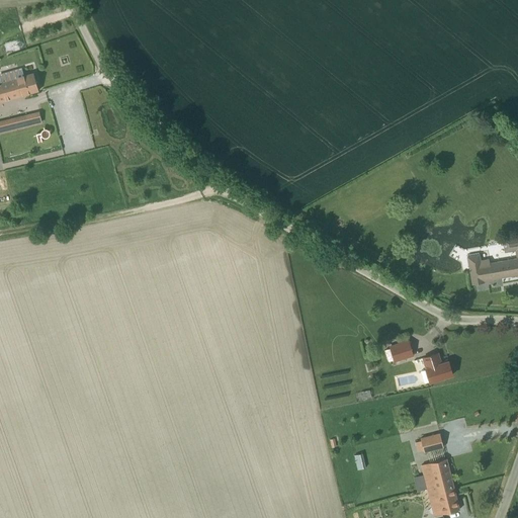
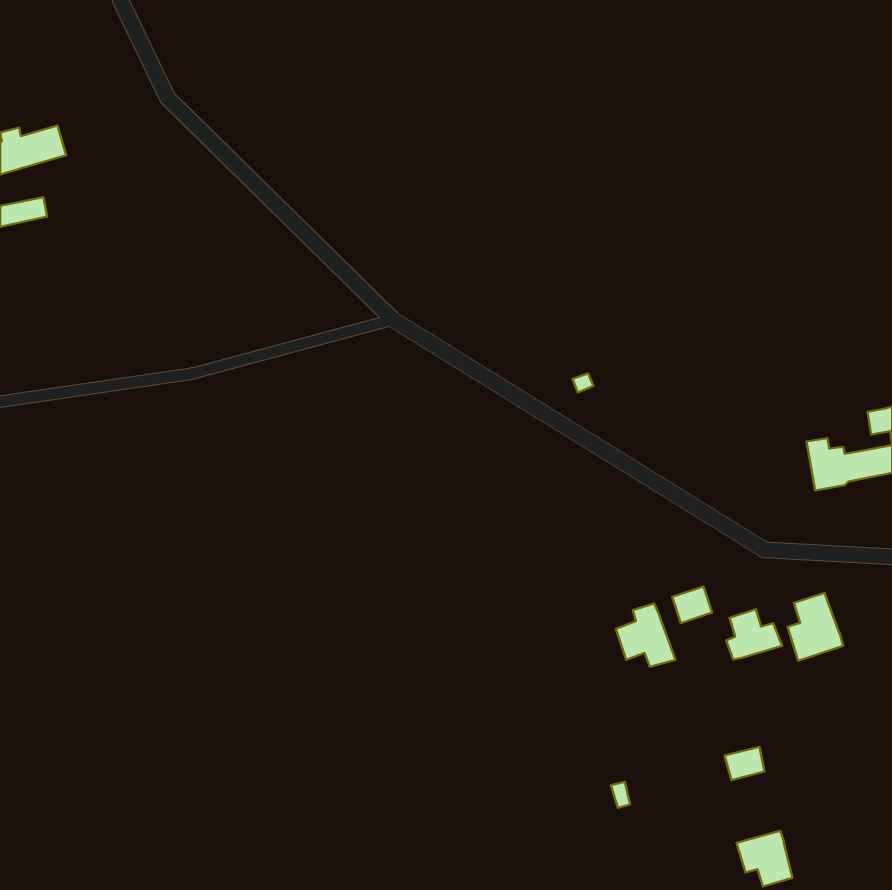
building: none -> [787,593,843,661]
building: none -> [616,604,675,667]
building: [421,459,452,490] -> none

